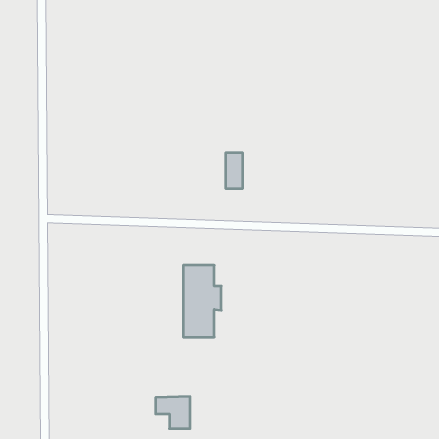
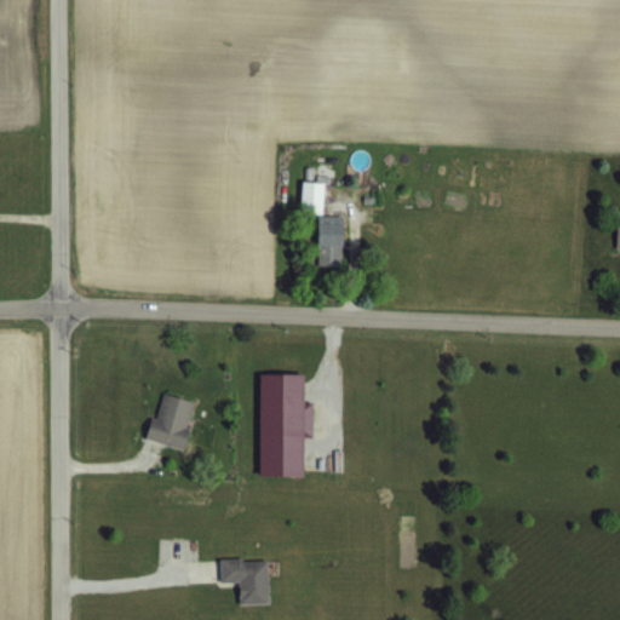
building: none -> [303,183,323,216]
building: none -> [149,392,197,450]

